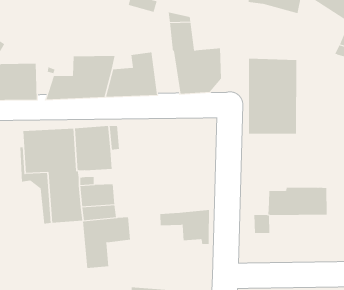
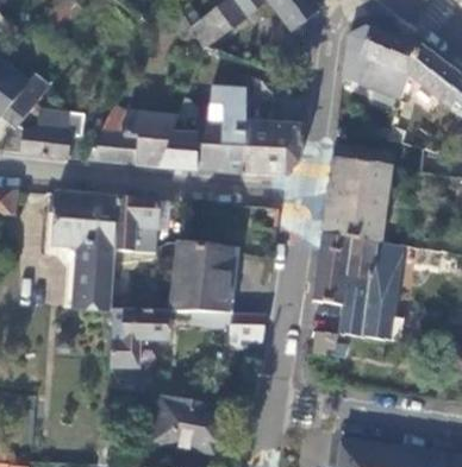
building: none -> [177,99,248,175]
building: none -> [312,233,408,307]
building: none -> [170,245,235,314]

